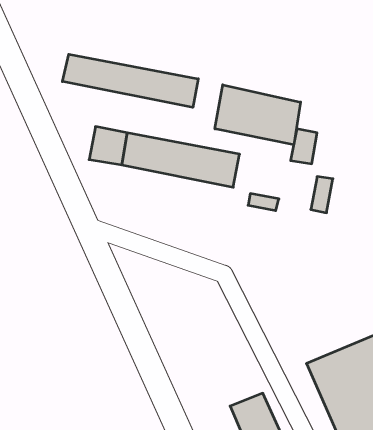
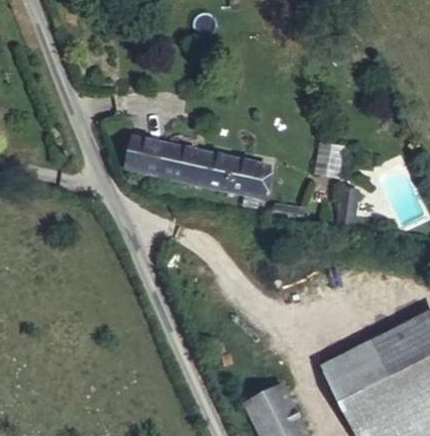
building: [62,54,198,107] -> none
building: [215,85,301,145] -> none

